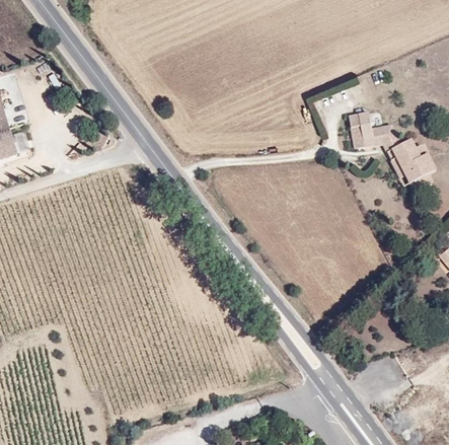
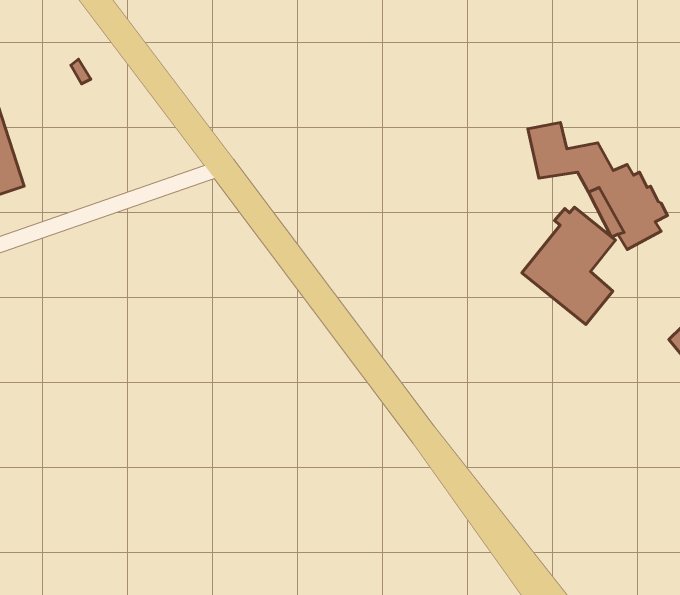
building: none -> [522,207,615,324]

